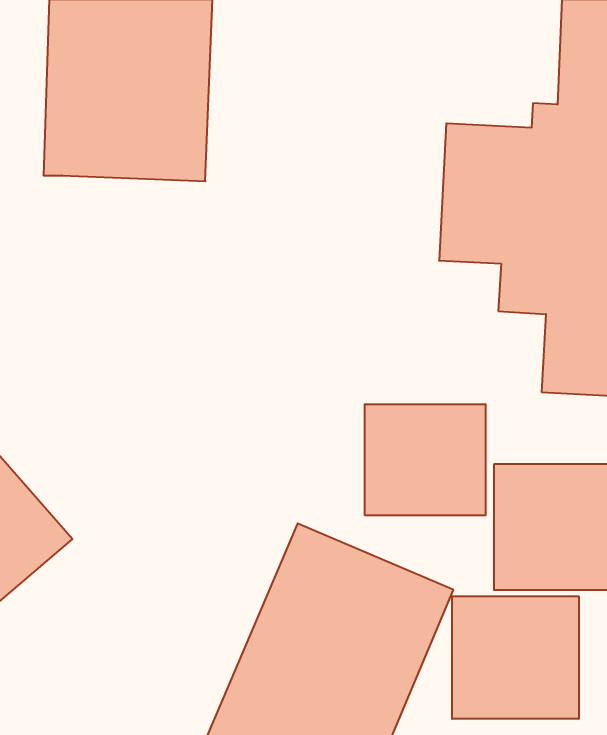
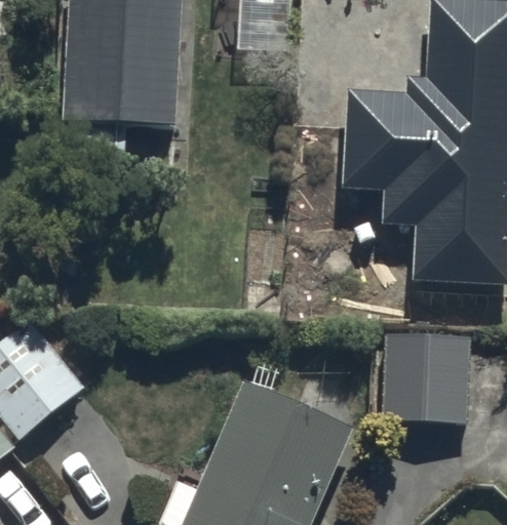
building: [365,404,485,515] -> none
building: [452,596,579,719] -> none

